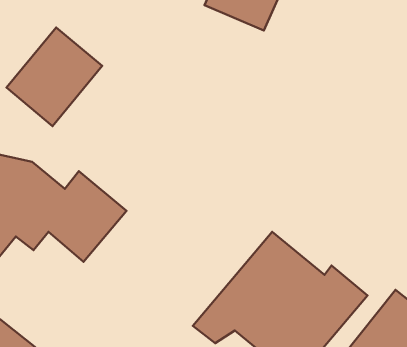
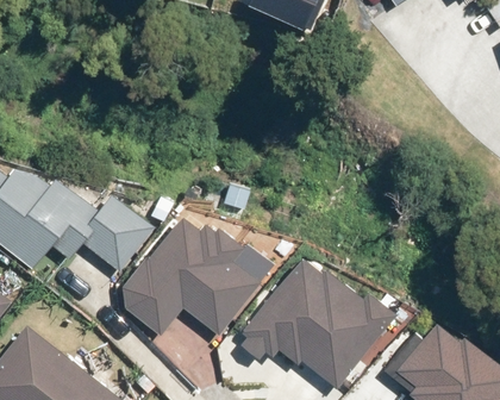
building: [6,27,102,126] -> none
building: none -> [124,205,280,333]

